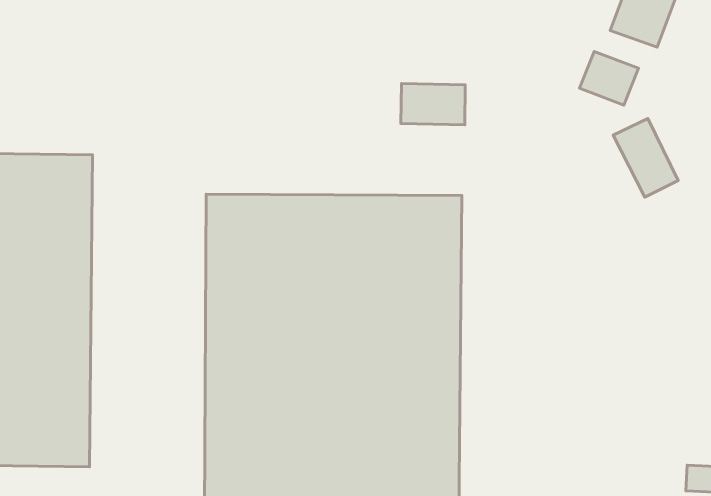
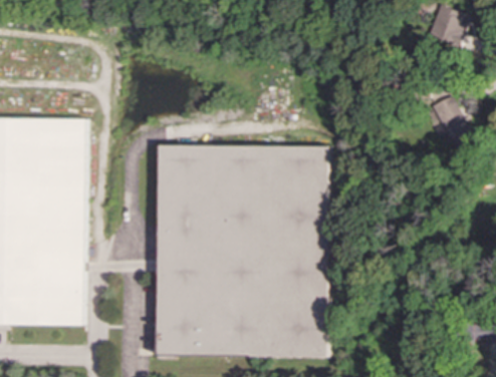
building: [579,51,638,105] -> none
building: [401,84,465,125] -> none

